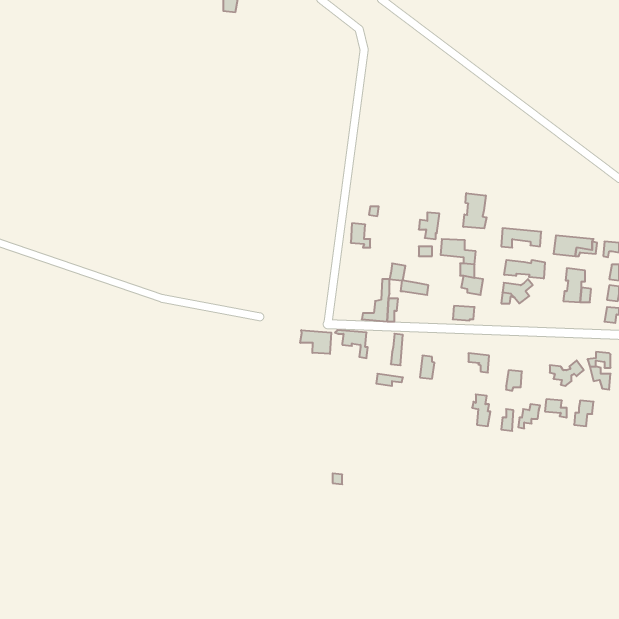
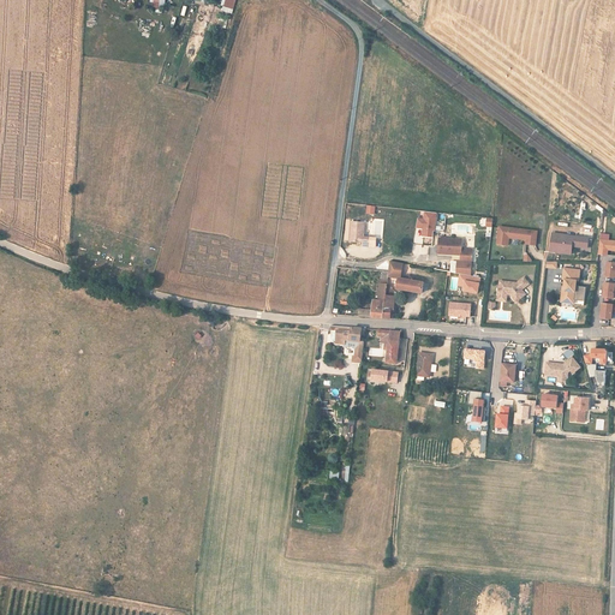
building: [463,193,487,228] -> none
building: [504,260,545,279] -> none
building: [300,330,331,354] -> none

